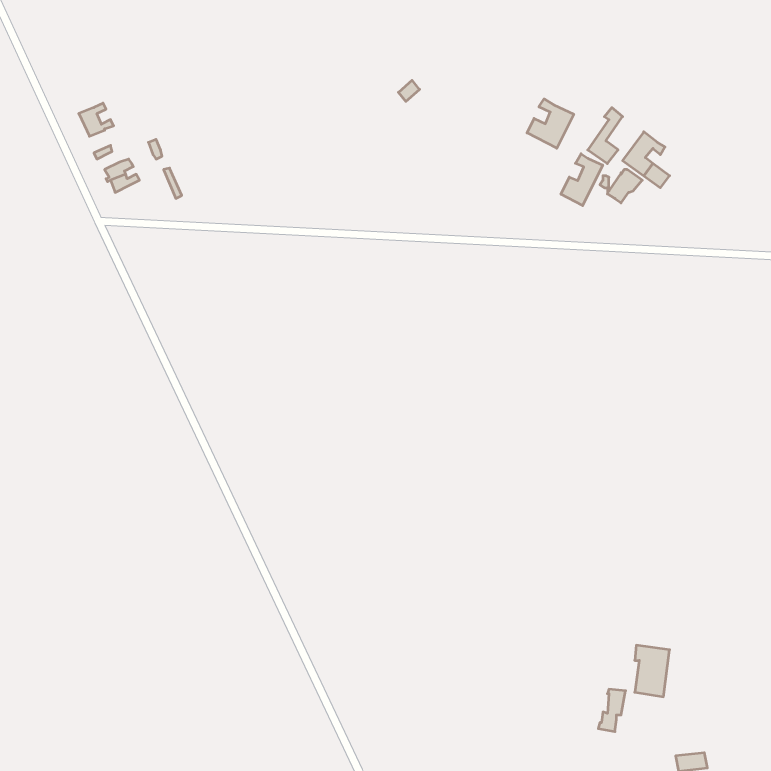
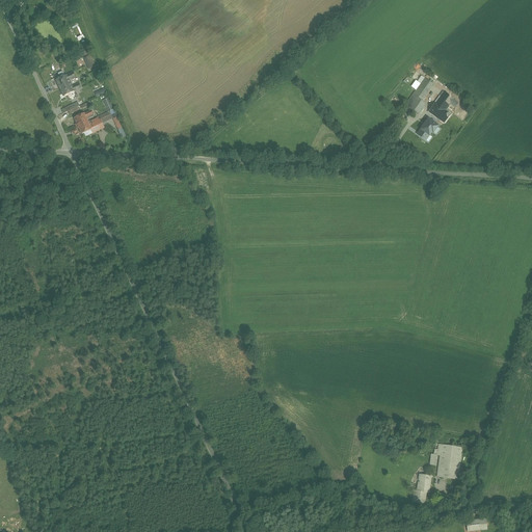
building: [527,99,574,148] -> none
building: [561,154,603,206] -> none

